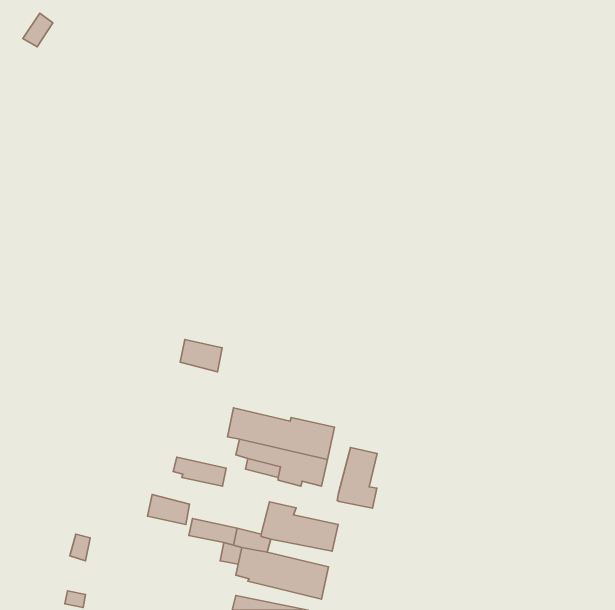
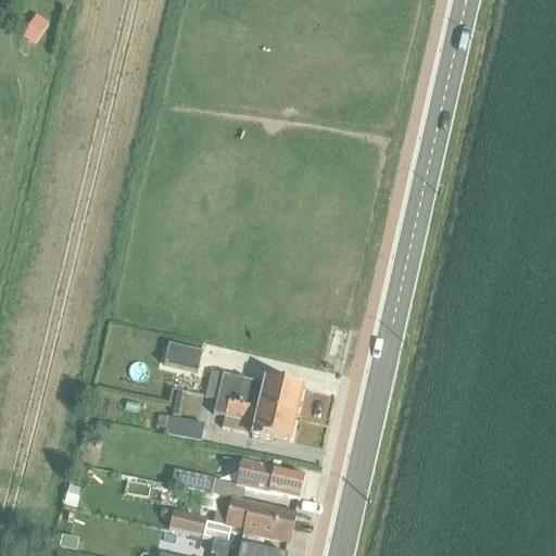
building: [180,339,222,372] -> [164,341,202,370]
building: [337,447,377,508] -> none
building: [147,494,189,525] -> [168,507,206,534]

